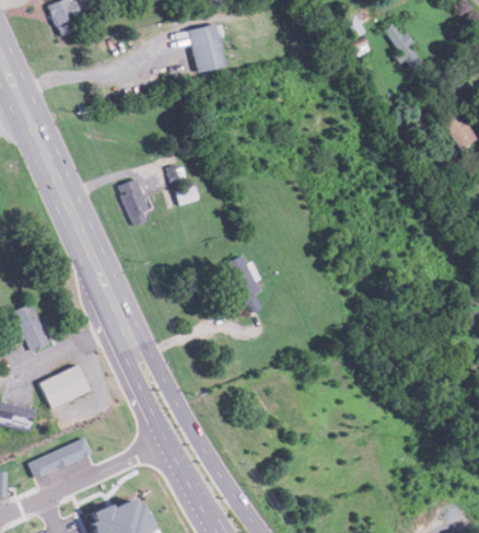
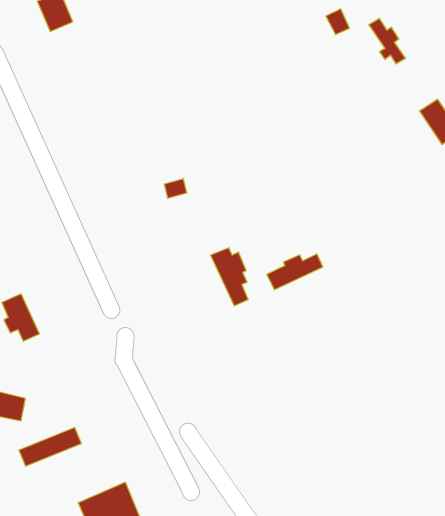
building: [190,25,225,72] -> none
building: [119,178,151,227] -> none
building: none -> [267,254,323,290]
building: [40,364,90,408] -> none

